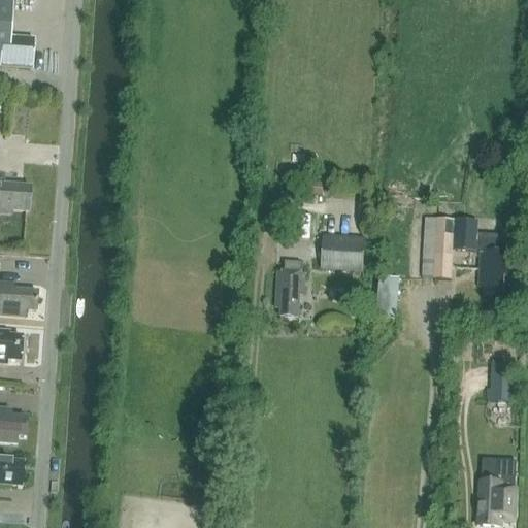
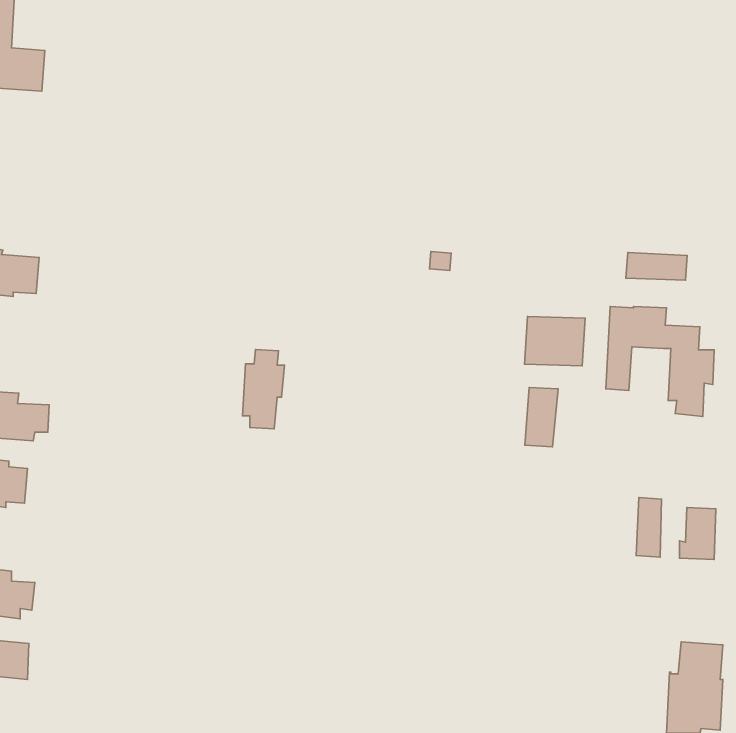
building: none -> [626,252,687,280]
building: [319,234,362,269] -> [524,317,585,366]
building: [273,259,303,316] -> [242,349,284,429]
building: none -> [636,498,661,557]

